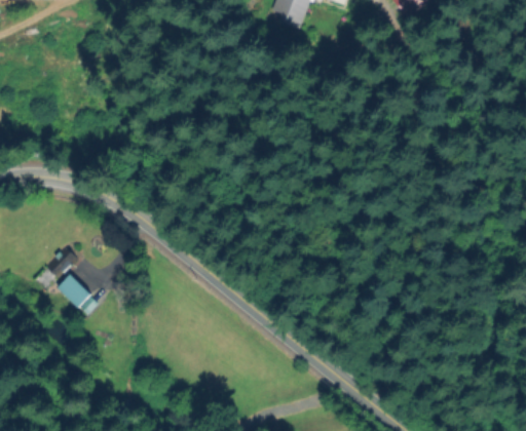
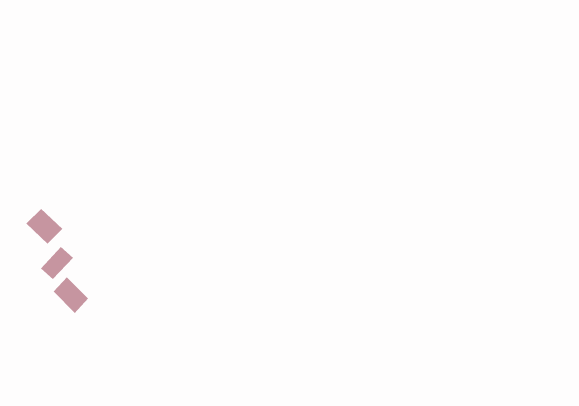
building: none -> [26,208,63,244]

